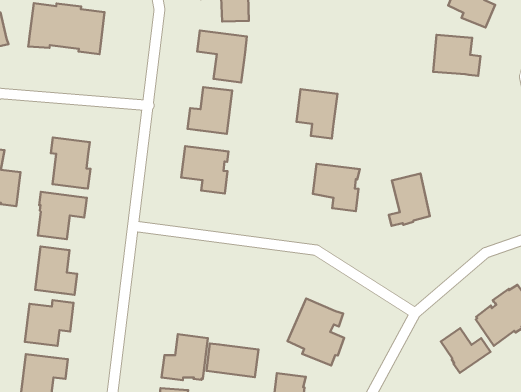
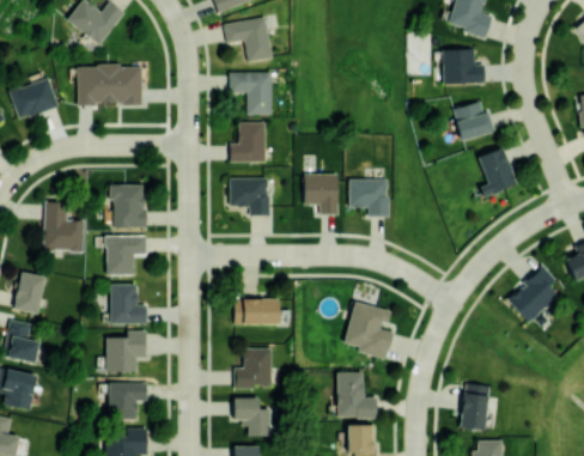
building: [296,89,337,138] -> [305,175,339,215]
building: none -> [454,102,494,141]
building: [389,174,430,226] -> [477,147,516,197]
building: [441,328,490,373] -> none
building: [206,343,258,377] -> [235,299,279,324]

